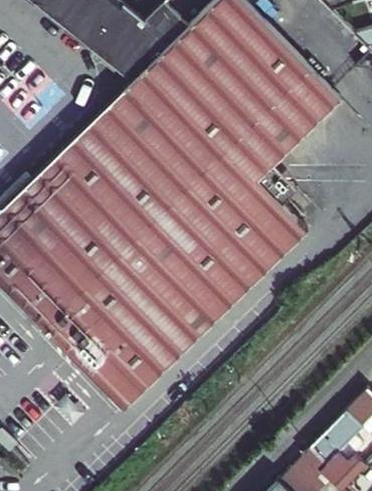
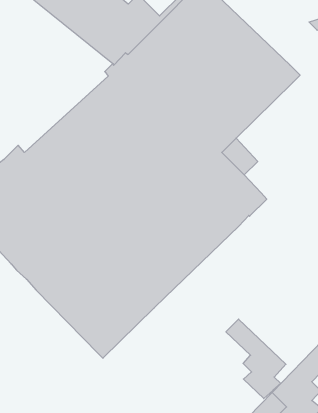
building: none -> [226,319,286,399]

